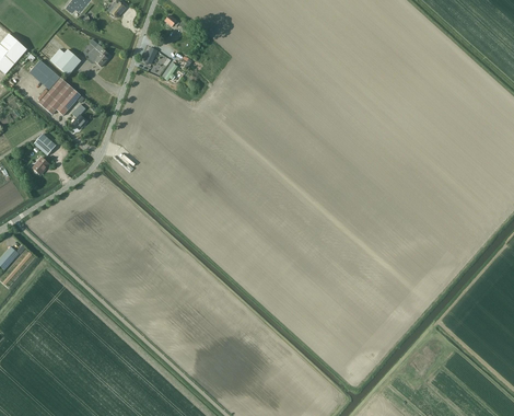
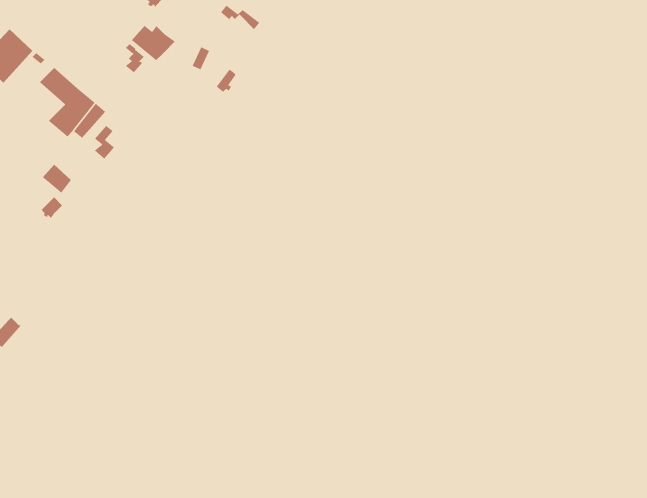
building: [49,48,82,74] -> [131,25,176,61]

